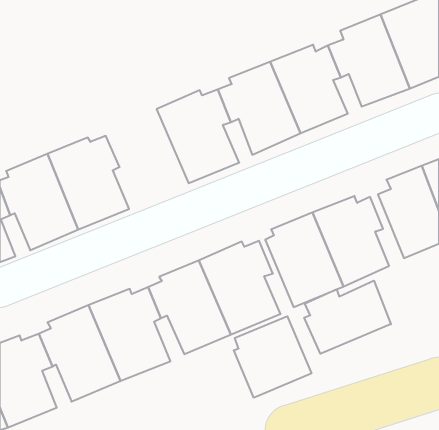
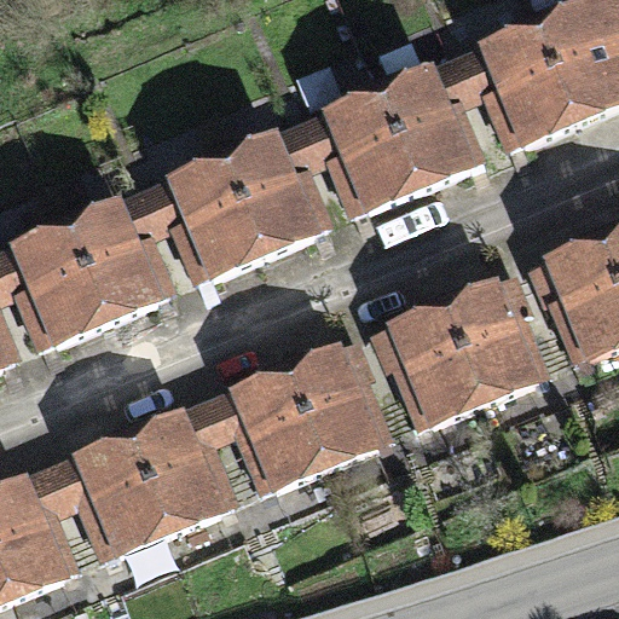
building: none -> [149,154,265,285]
building: [304,281,391,354] -> none
building: [234,316,311,398] -> none

